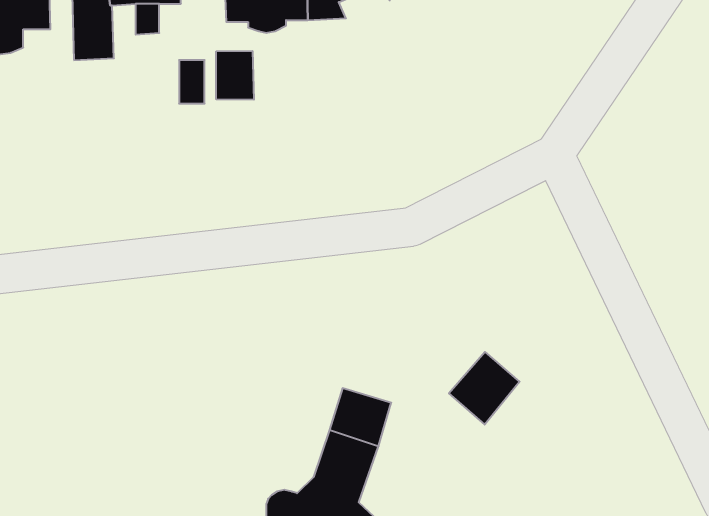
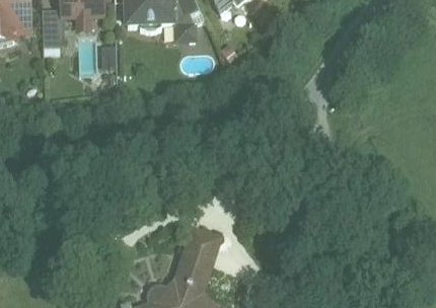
building: [216,51,254,100] -> none
building: [449,352,520,425] -> none

